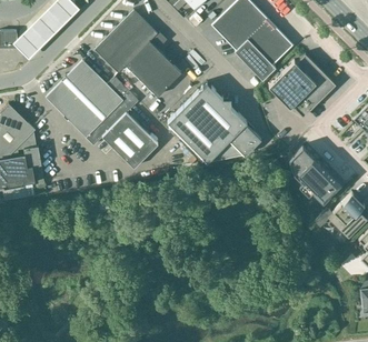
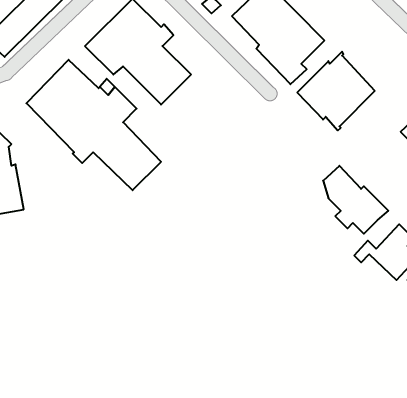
building: [167,82,261,161] -> none

